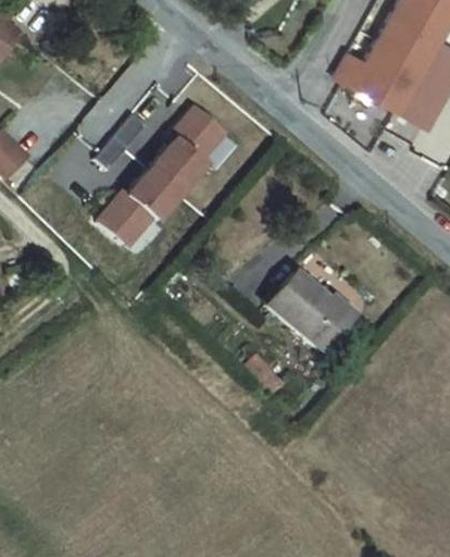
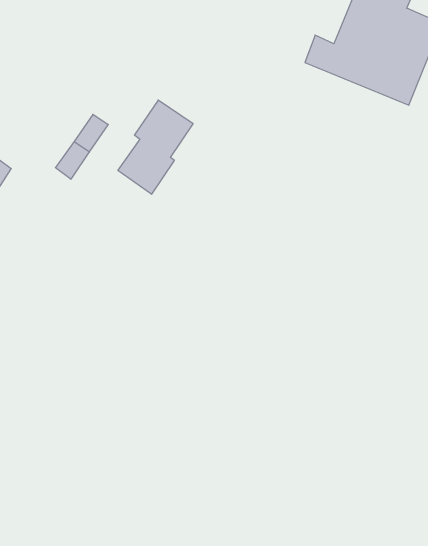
building: [95,166,176,245] -> none
building: [263,255,353,338] -> none

